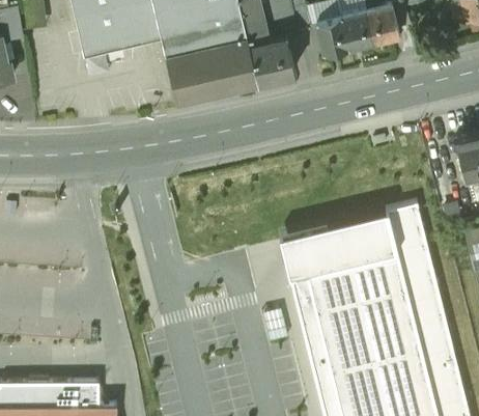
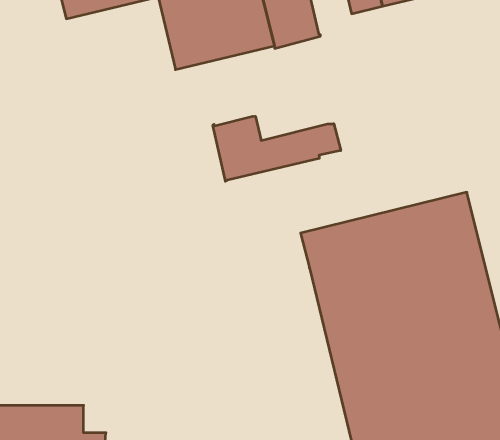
building: none -> [213,116,341,181]

